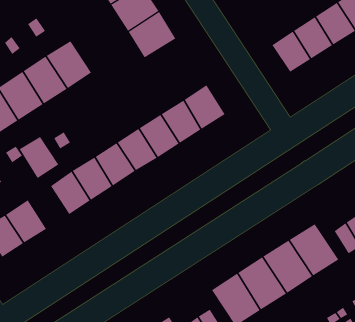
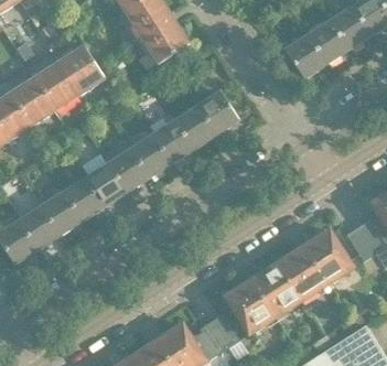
building: [19,136,59,179] -> [41,192,82,235]

